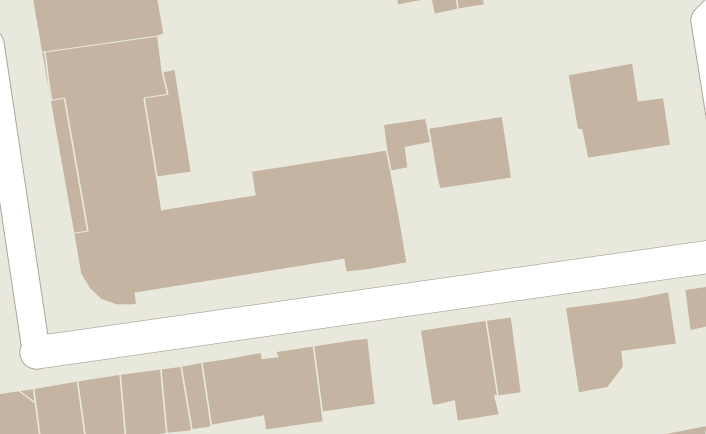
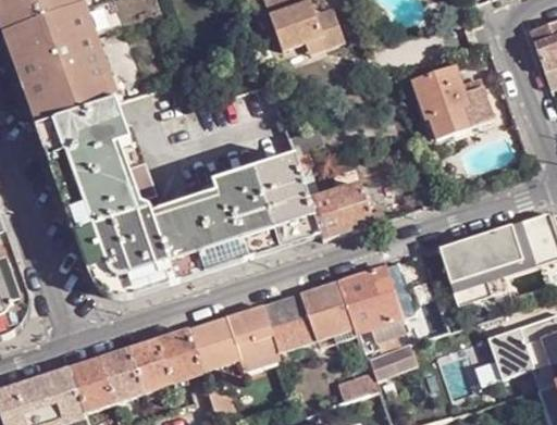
building: [428,117,512,189] -> [309,183,374,241]
building: none -> [479,220,534,298]
building: none -> [302,280,359,341]

